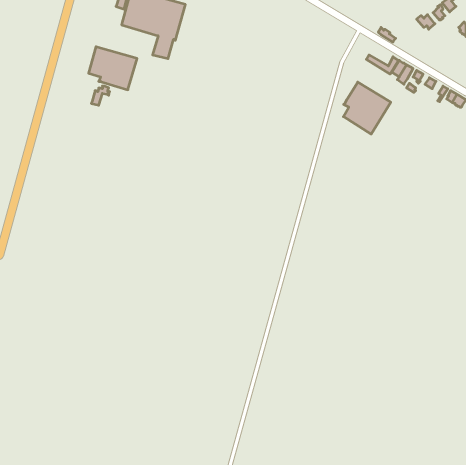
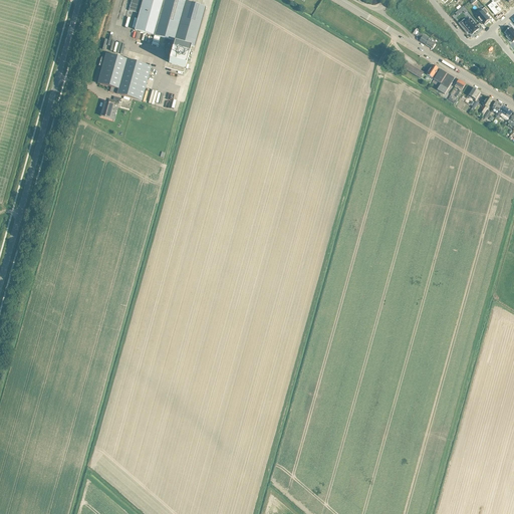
building: [343,82,391,134] -> none

